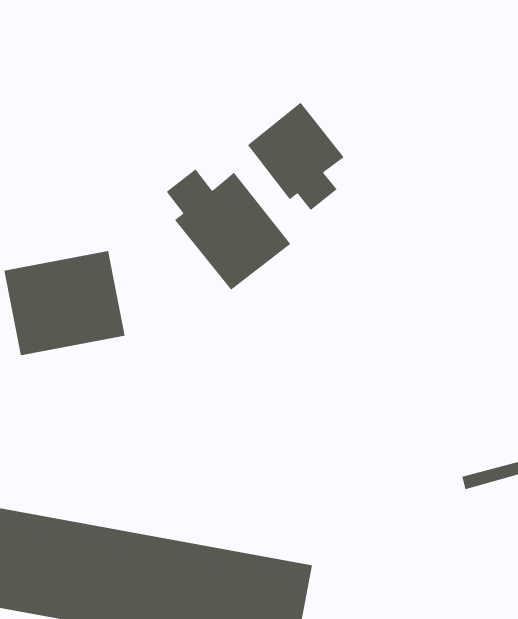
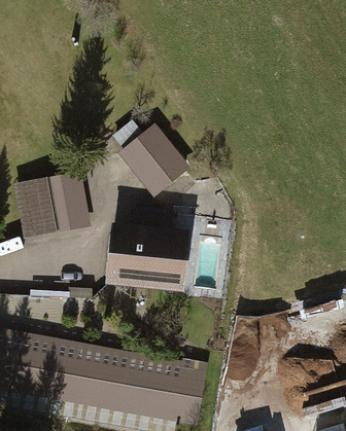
building: [247,102,344,211] -> none
building: none -> [110,208,191,290]

